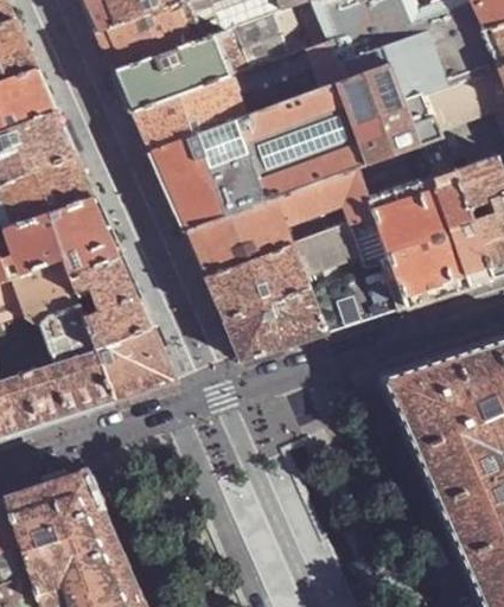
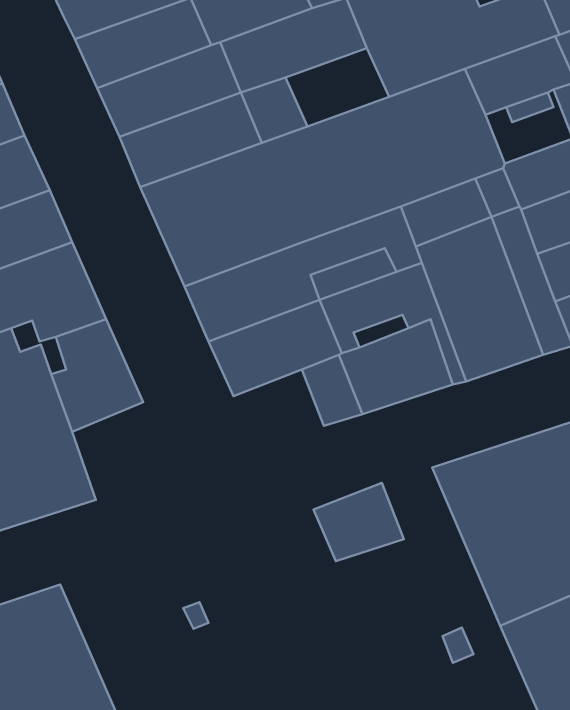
building: [264,41,347,104] -> none
building: [223,299,295,362] -> [314,483,404,561]
building: [94,325,177,403] -> none

